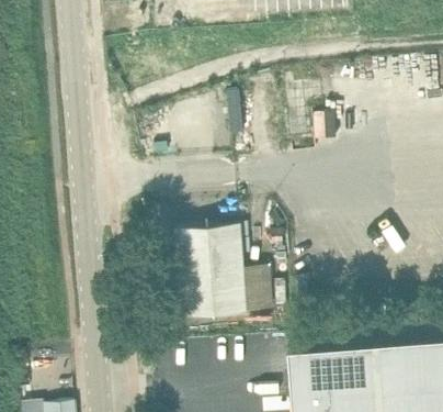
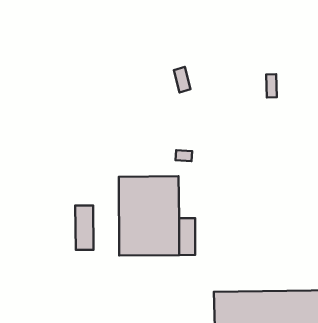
building: none -> [75,205,93,250]

